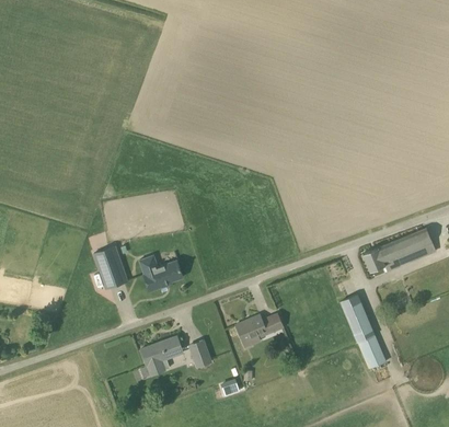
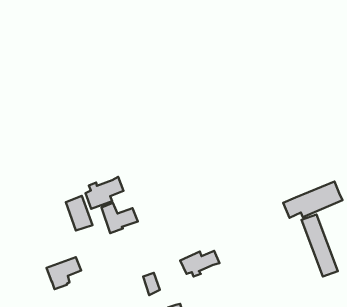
building: none -> [86,177,124,209]
building: [339,291,384,368] -> [302,214,338,276]
building: [141,335,184,374] -> [47,257,81,289]

